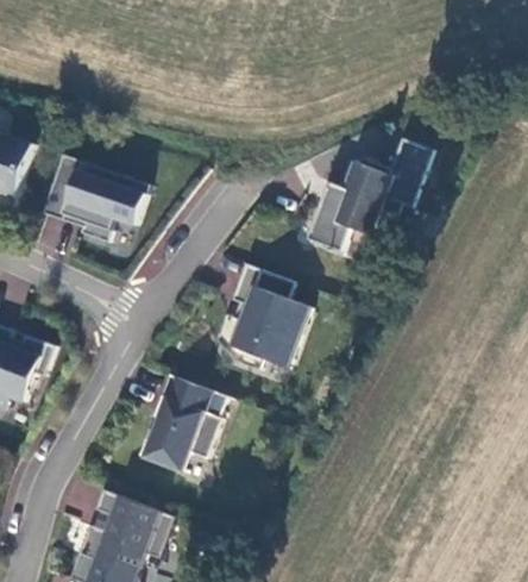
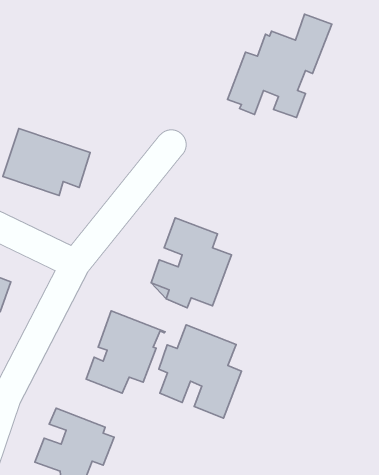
building: [309,138,433,261] -> [227,14,332,117]
building: none -> [159,325,241,418]

